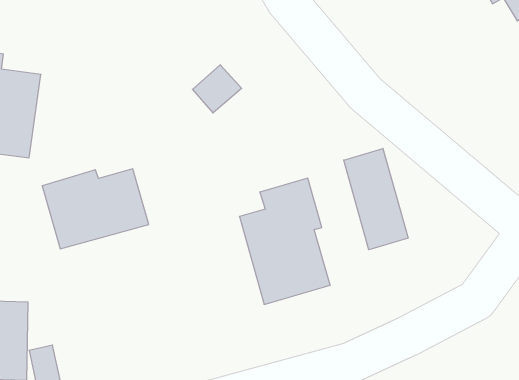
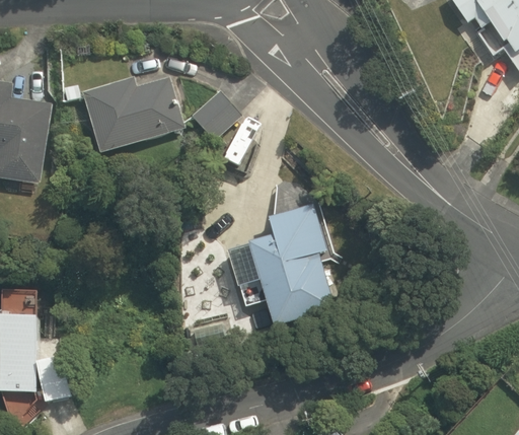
building: [344,148,408,250] -> none
building: [42,169,149,249] -> [86,76,188,152]

